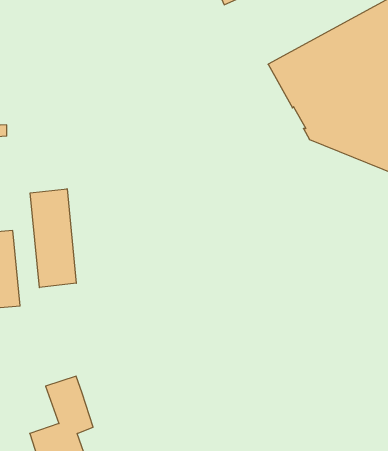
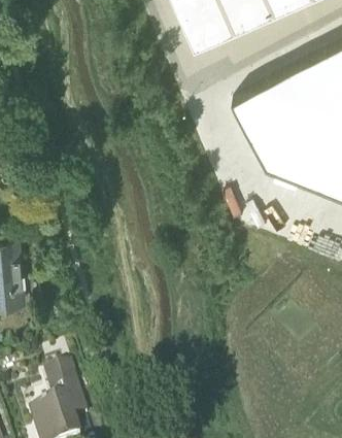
building: [30,189,76,288] -> none

